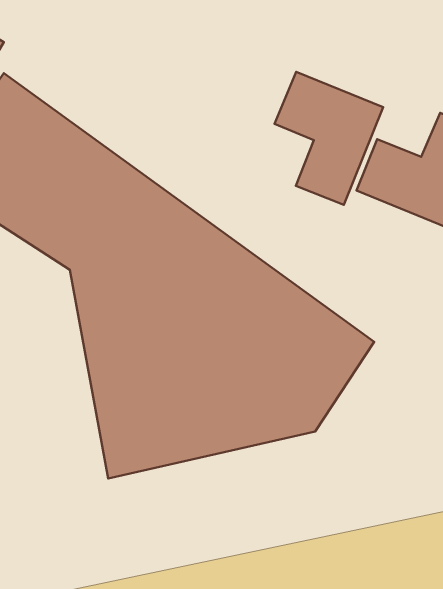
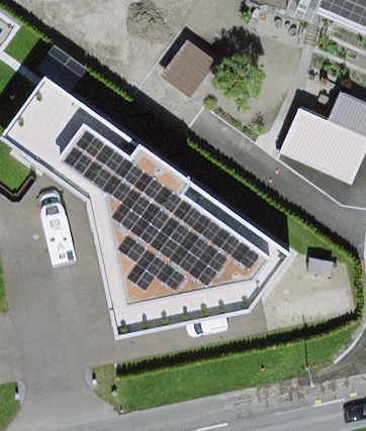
building: [274,72,383,205] -> none

